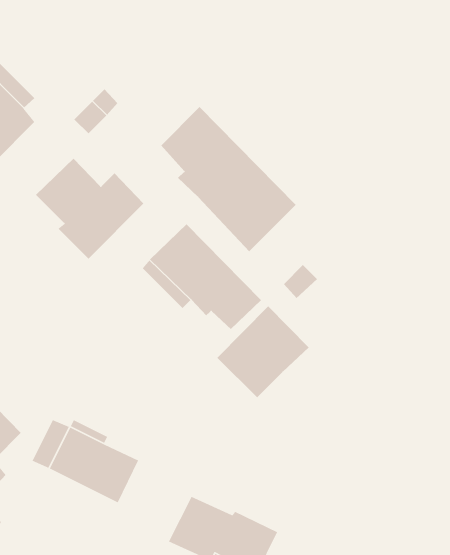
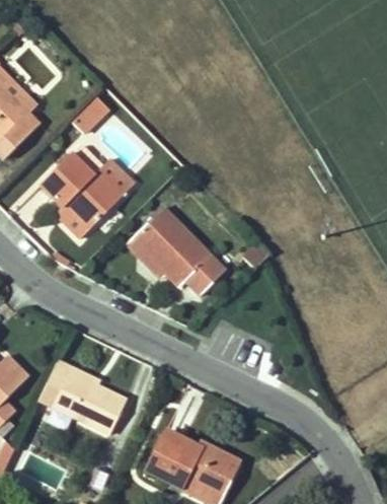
building: [160,106,296,252] -> none
building: [217,305,309,398] -> none

